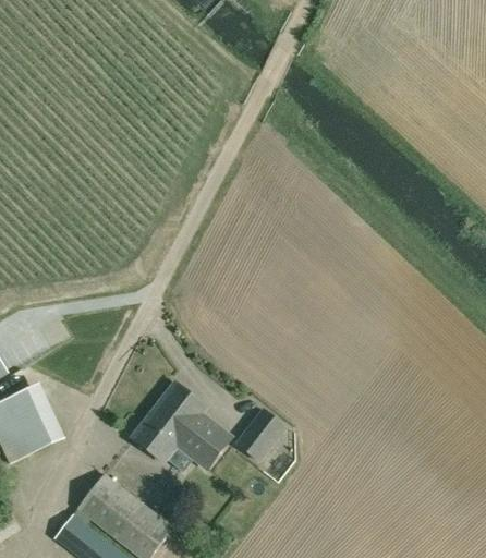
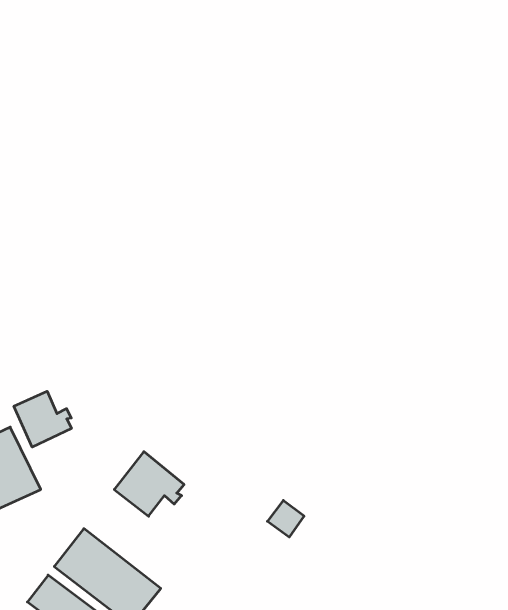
building: none -> [14,391,71,447]
building: [157,383,230,468] -> none
building: [236,410,283,460] -> none

